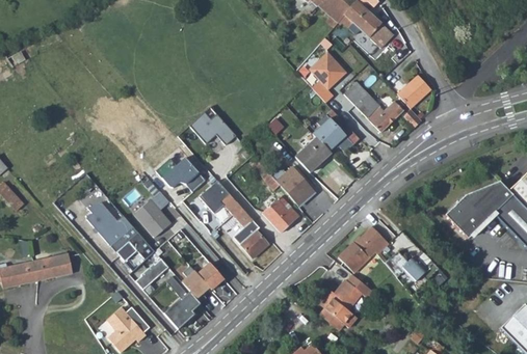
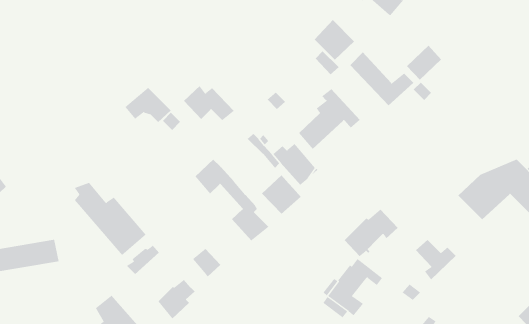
building: [161,159,205,192] -> [125,87,172,123]
building: [134,192,172,238] -> none
building: [182,271,210,300] -> none

